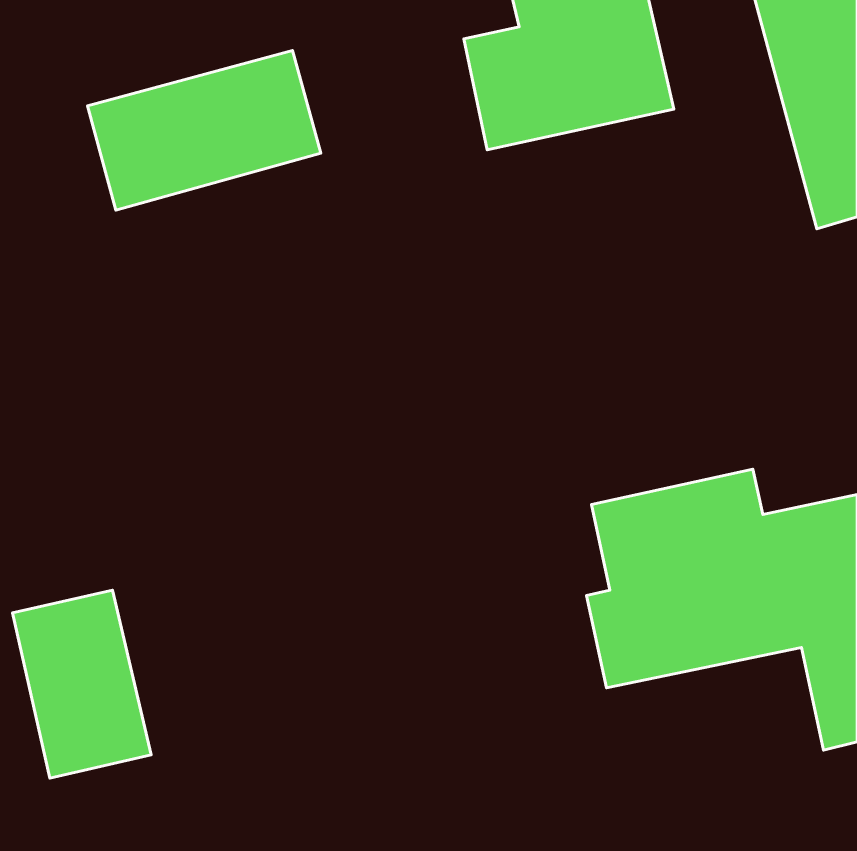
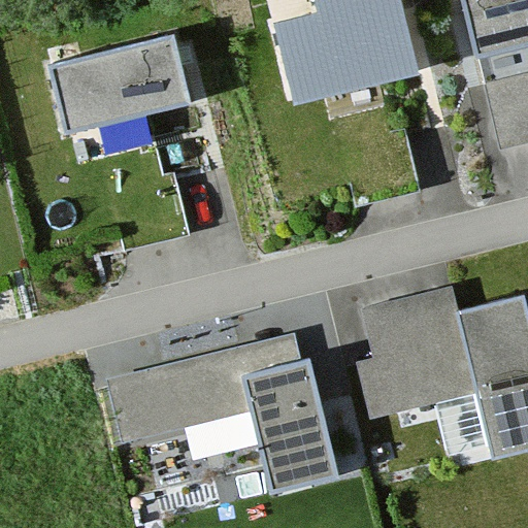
building: none -> [110,337,352,500]
building: [12,590,151,778] -> none

